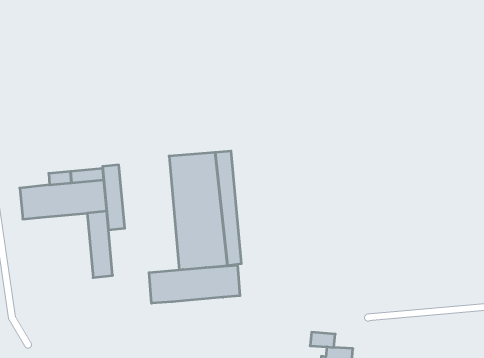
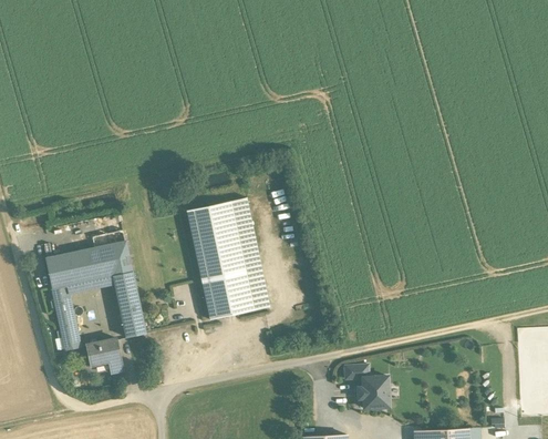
building: [103,165,125,230] -> [52,286,81,350]
building: [149,265,240,303] -> none
building: none -> [86,338,124,374]

